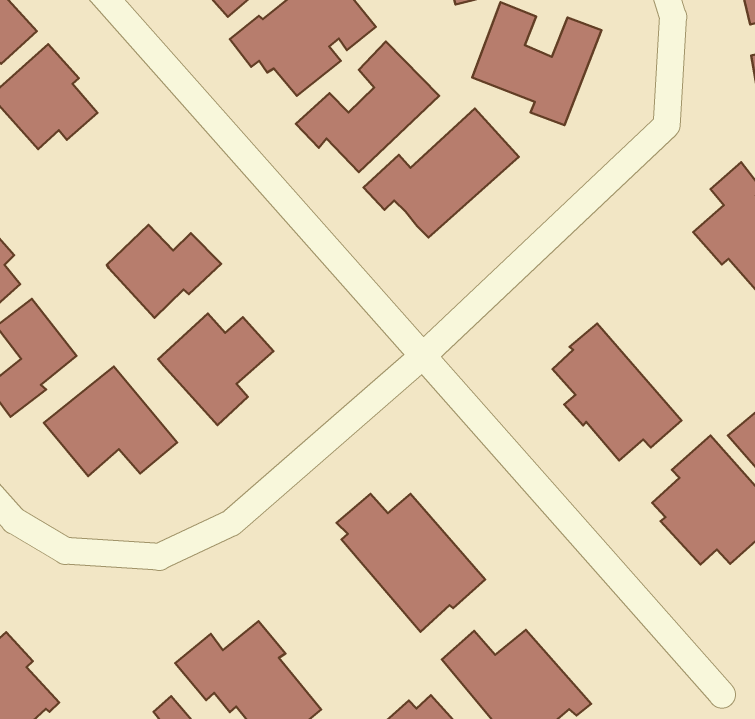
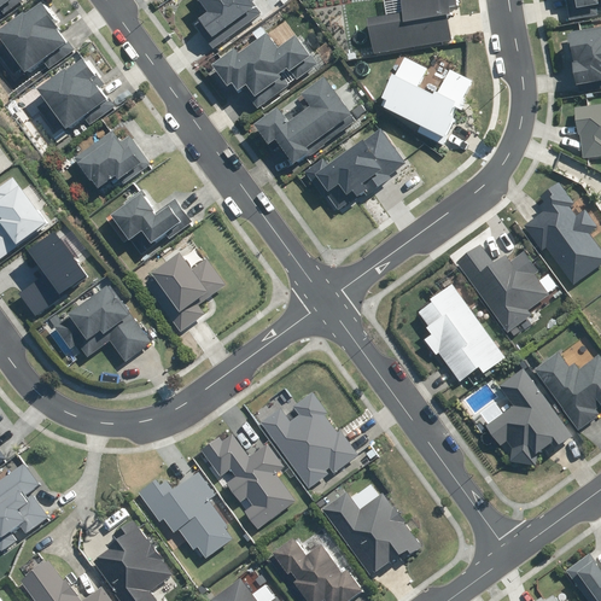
building: none -> [78,130,152,189]
building: none -> [456,244,552,331]
building: none -> [200,421,297,529]

